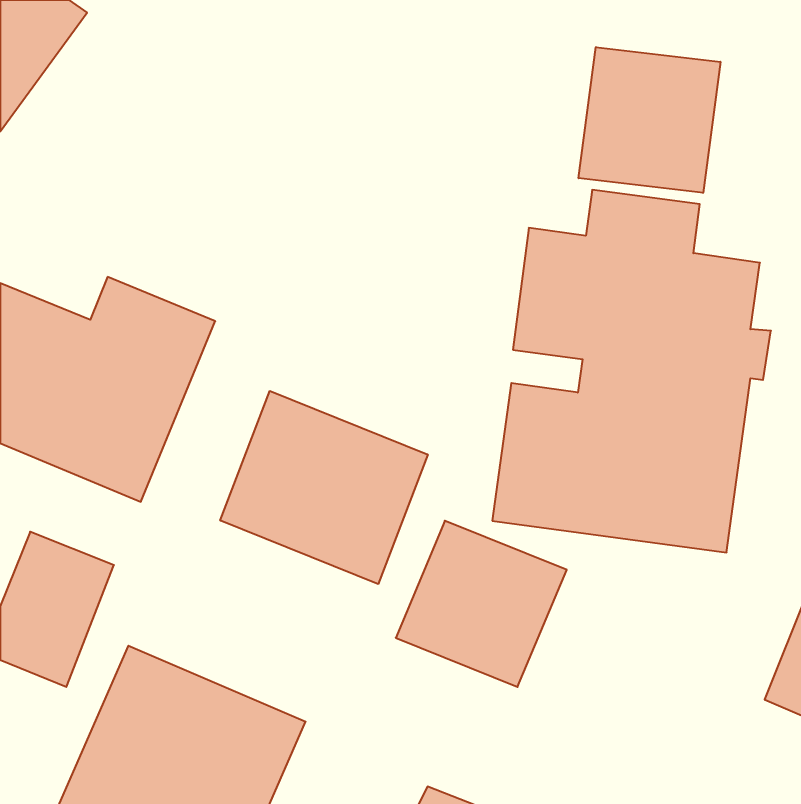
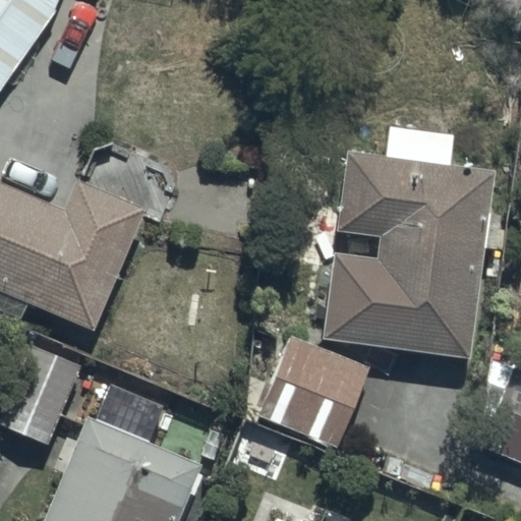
building: [579,47,720,193] -> none
building: [220,391,428,584] -> none

